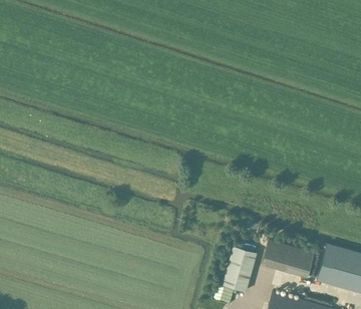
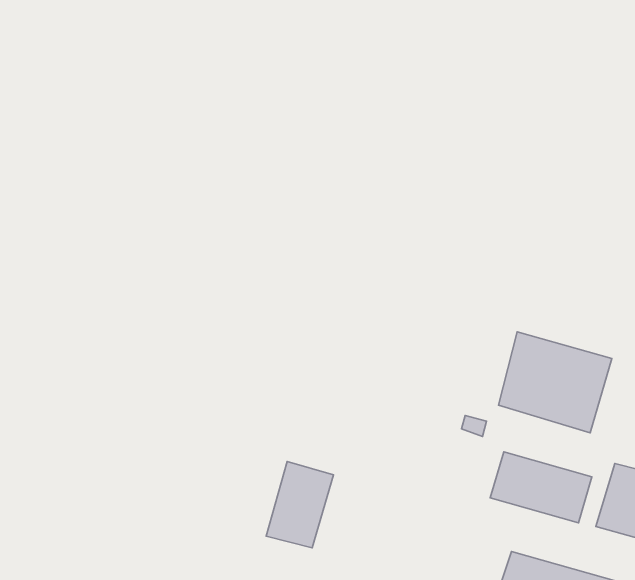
building: none -> [499,332,612,433]
building: [224,247,259,292] -> [266,461,333,548]

